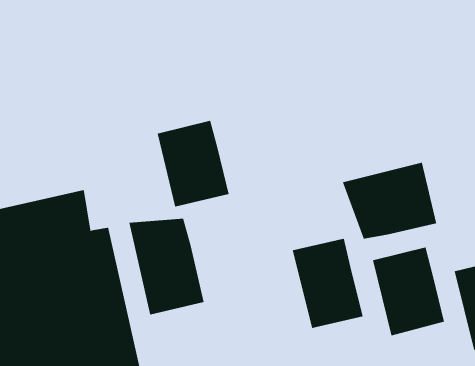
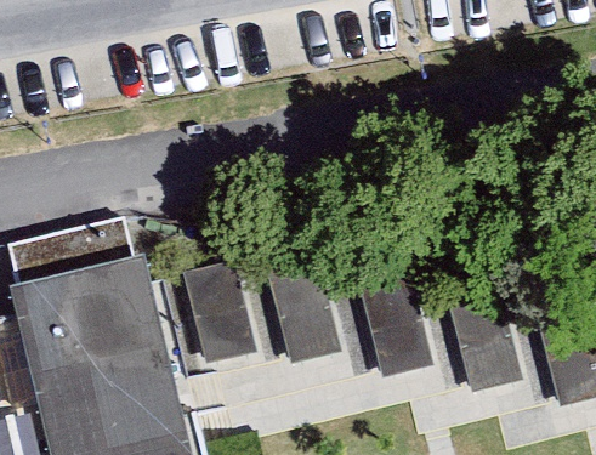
building: [157,120,229,207] -> [268,271,348,366]
building: [342,162,437,240] -> none

